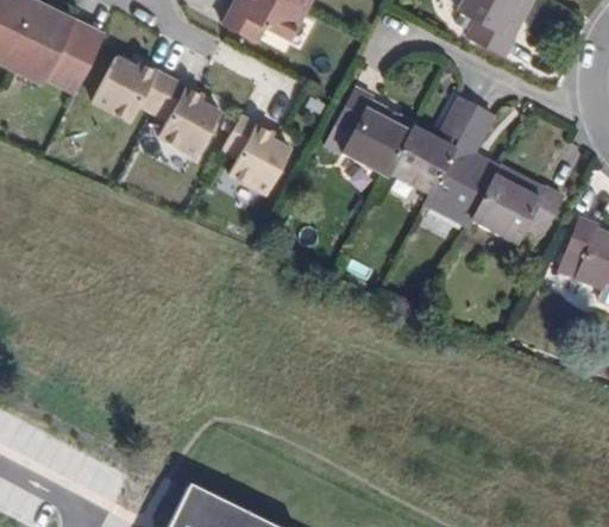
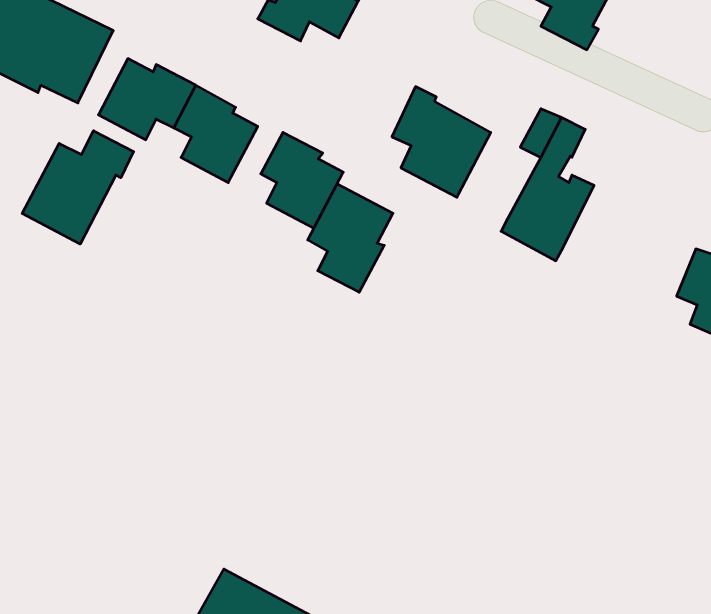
building: none -> [22,131,134,244]
building: [387,124,447,189] -> none
building: none -> [308,184,393,292]
building: [470,162,559,238] -> none

